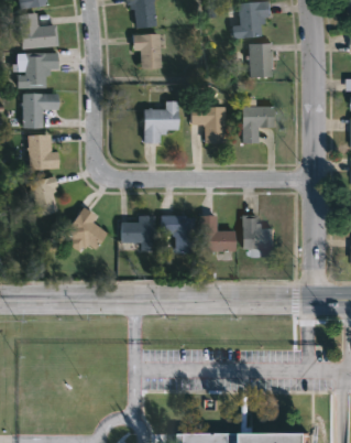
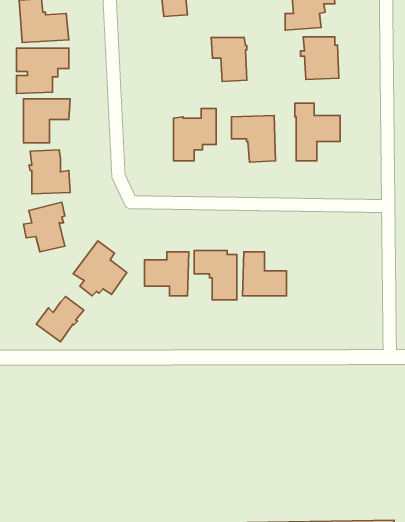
building: [130,34,158,69] -> [211,37,247,81]
building: [242,215,277,258] -> none
building: none -> [36,297,84,342]

